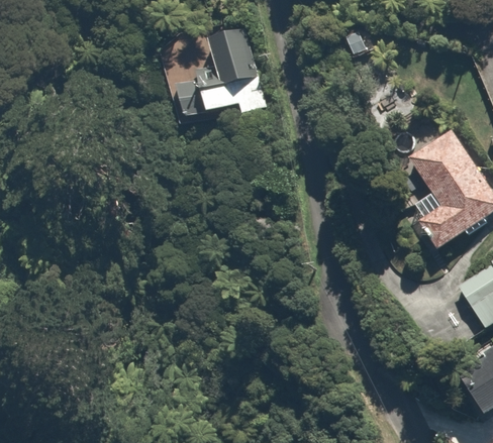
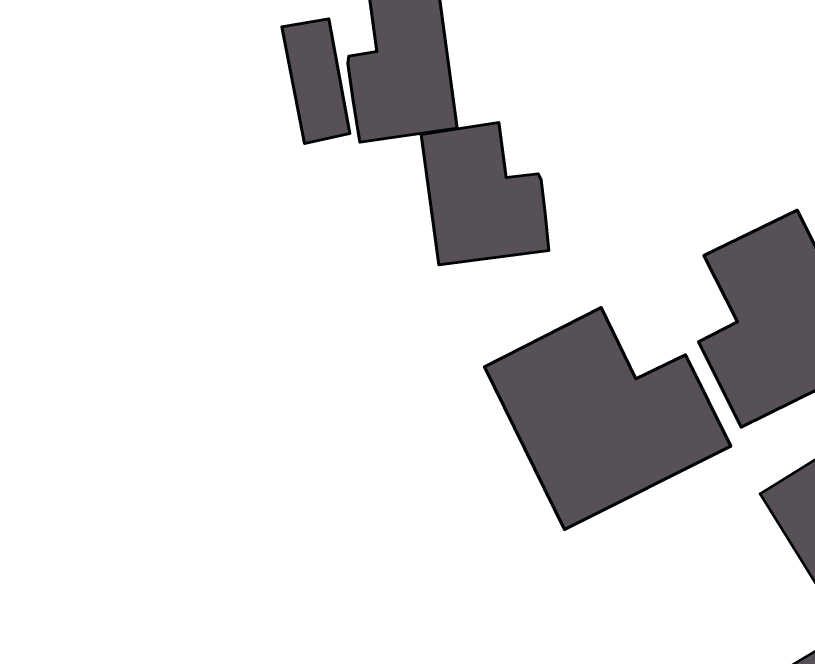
building: none -> [421,122,549,265]
building: none -> [484,308,731,529]

